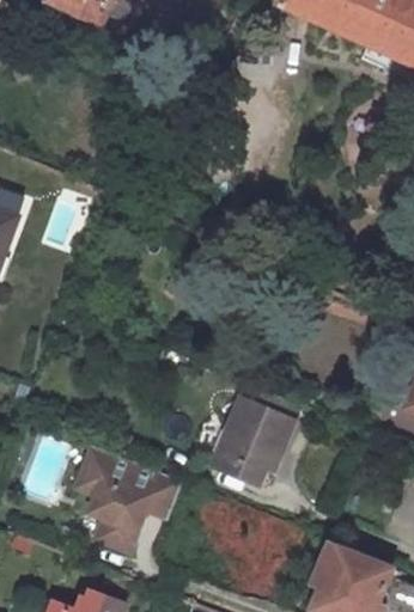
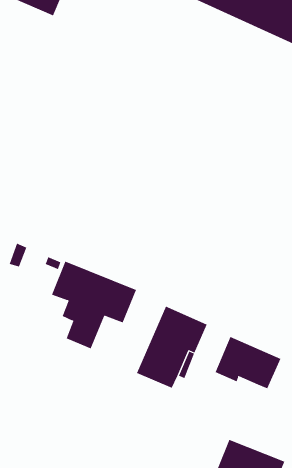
building: none -> [215,336,281,389]
building: [75,447,181,556] -> [51,261,137,349]

